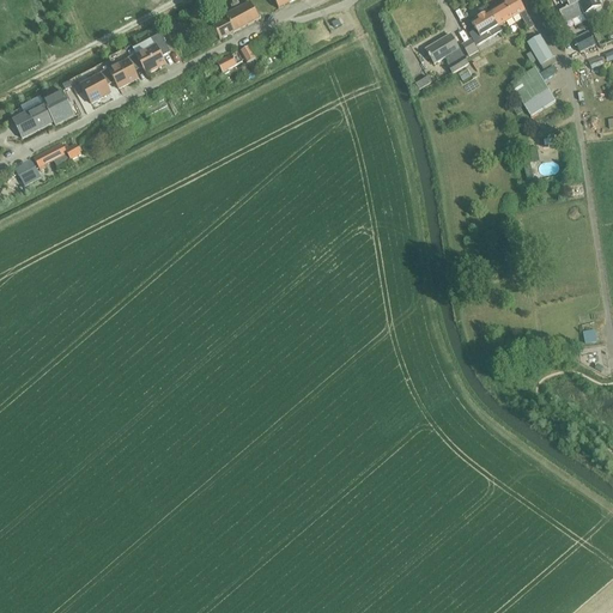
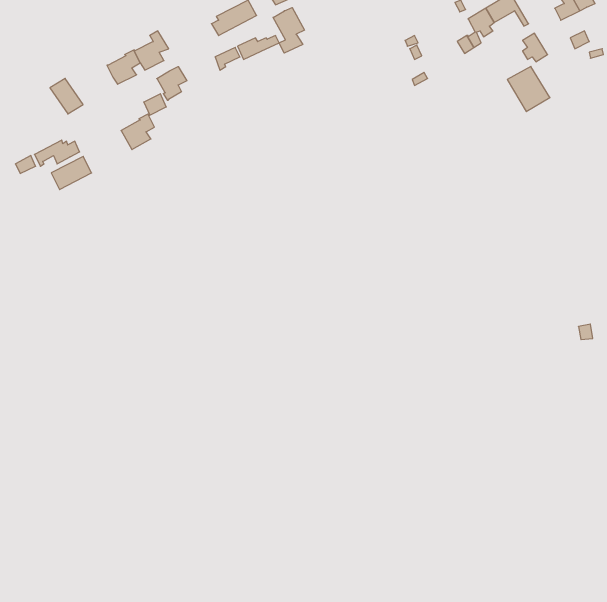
building: none -> [273,8,304,53]
building: [426,32,469,72] -> none
building: [80,65,114,101] -> [121,114,154,150]
building: none -> [157,67,187,100]
building: [13,101,54,134] -> [51,156,92,190]

